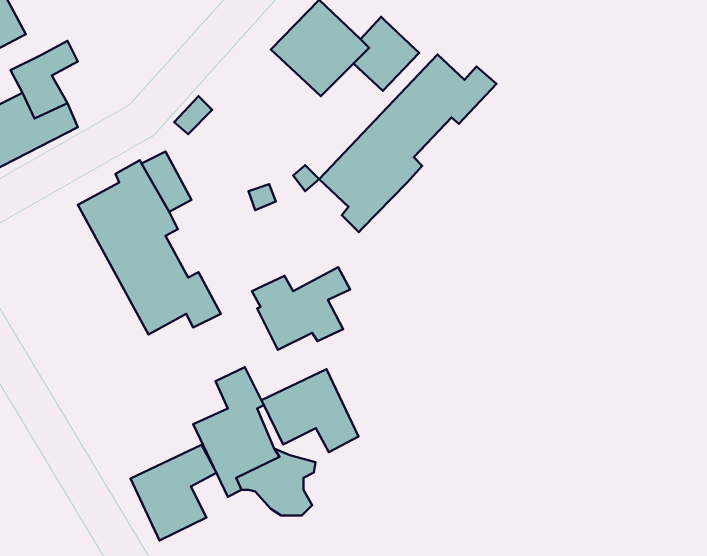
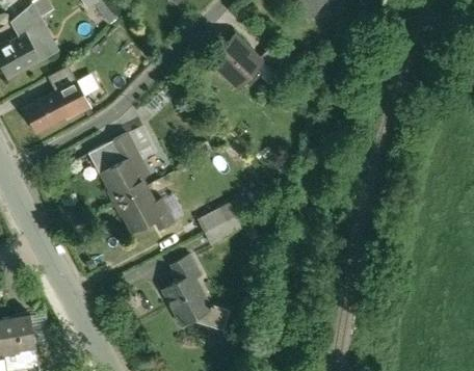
building: [319,54,497,232] -> none
building: [261,369,359,452] -> none
building: [130,445,216,541] -> none

